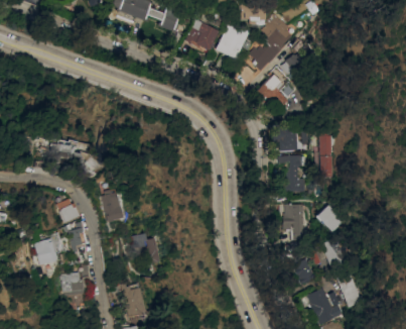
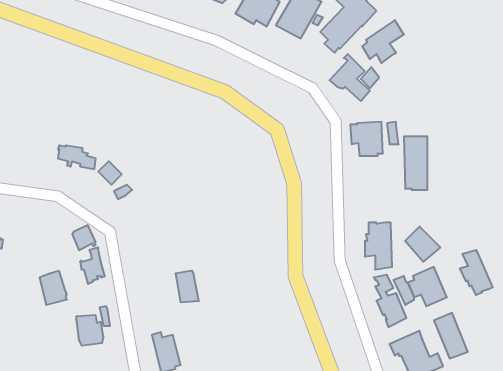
building: [283,155,310,192] -> none
building: [99,191,120,222] -> none
building: none -> [460,250,493,295]

